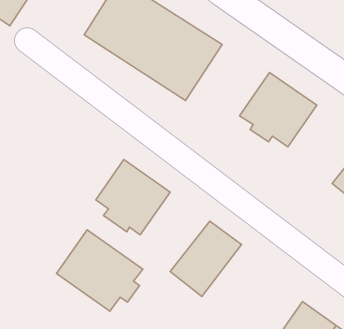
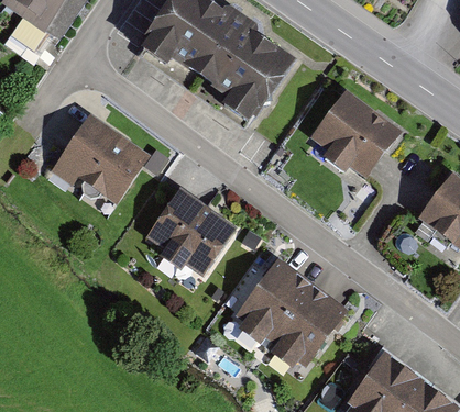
building: none -> [51,112,150,204]
building: [56,230,143,311] -> none
building: none -> [269,286,344,368]

